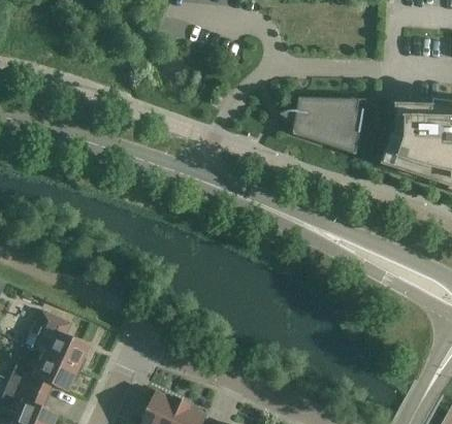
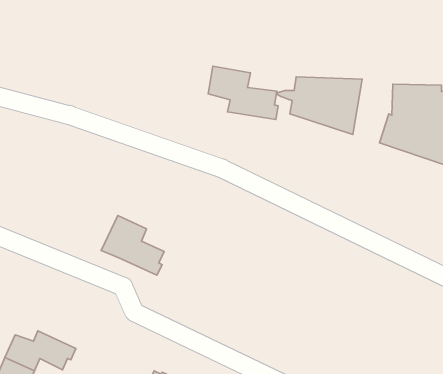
building: none -> [208,66,278,120]
building: [24,309,87,369] -> [101,216,164,275]

